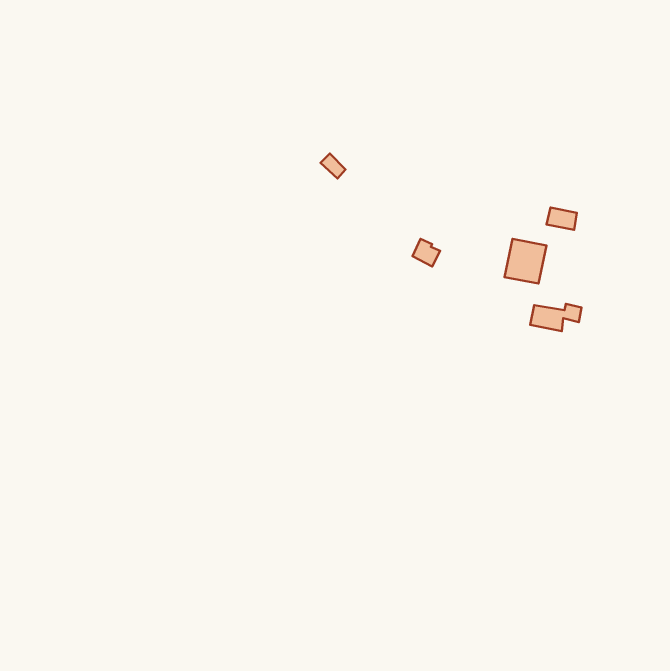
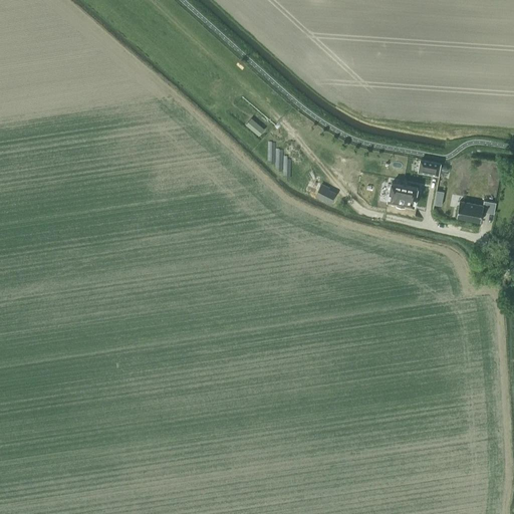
building: [530,304,582,331] -> [458,200,497,221]

